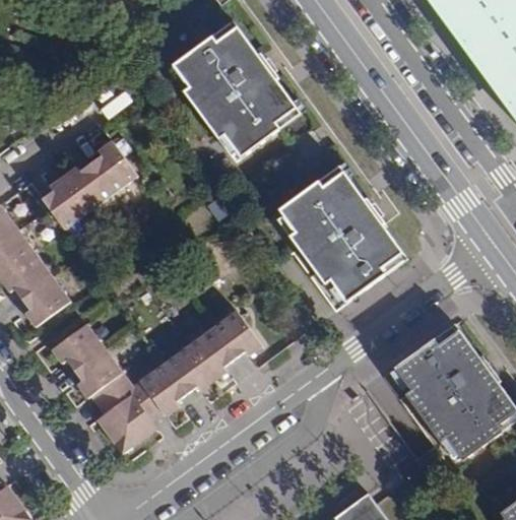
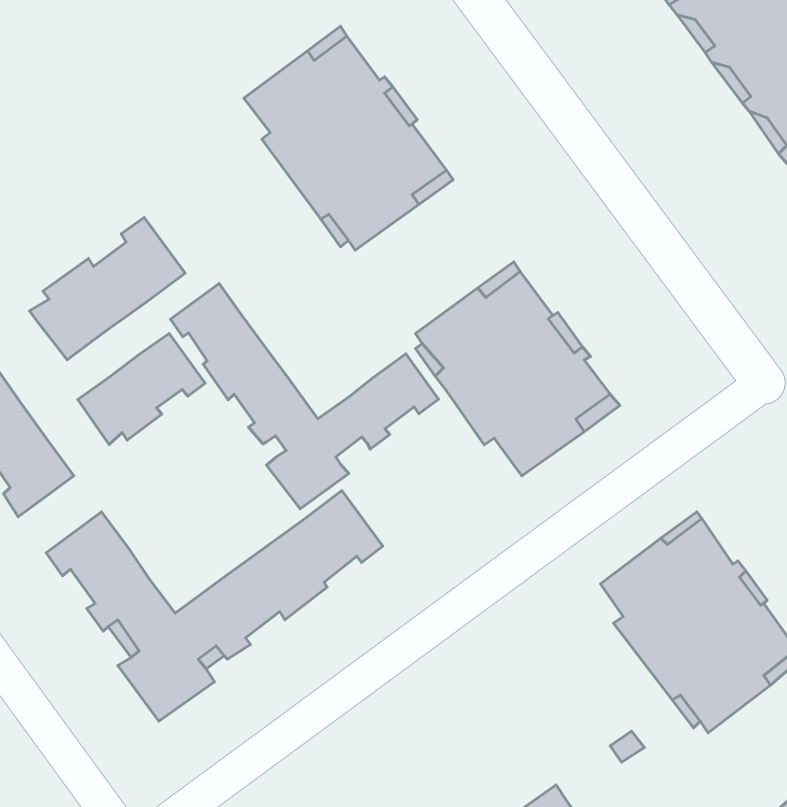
building: none -> [170,284,439,509]
building: none -> [78,334,205,444]

